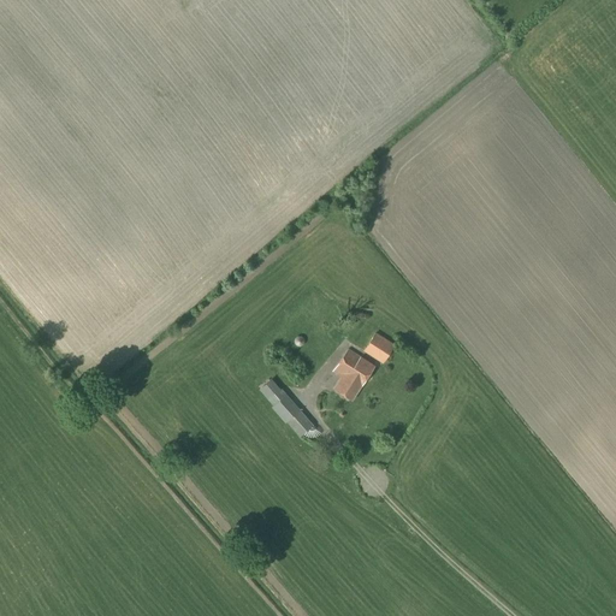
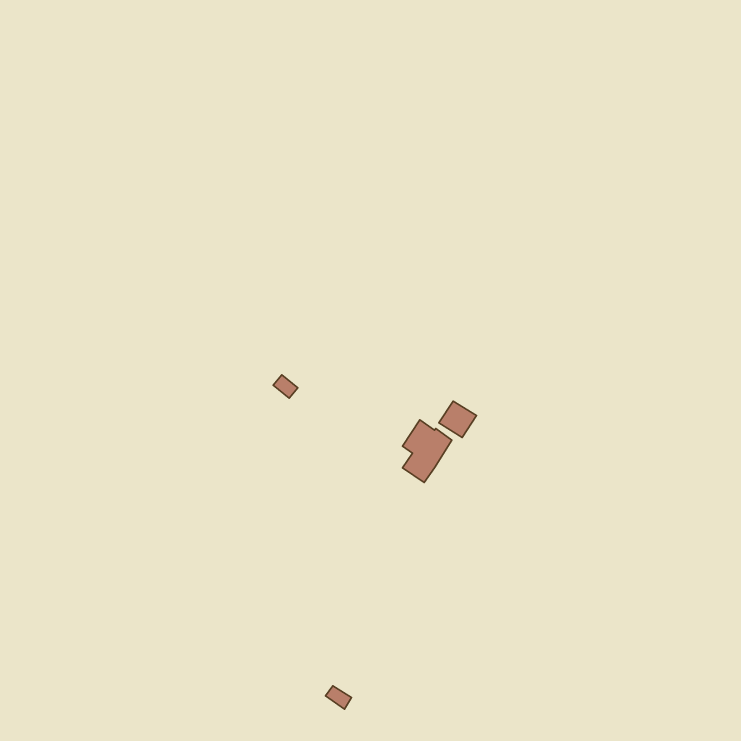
building: [261,378,313,434] -> none

